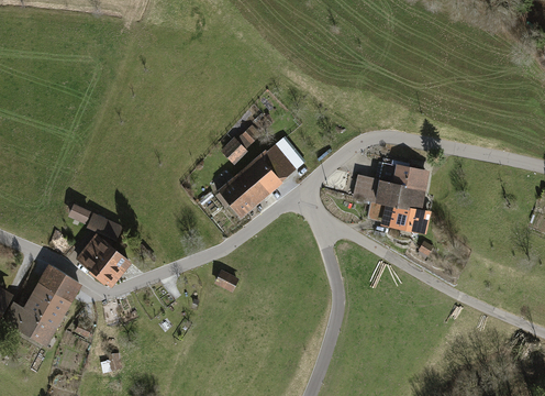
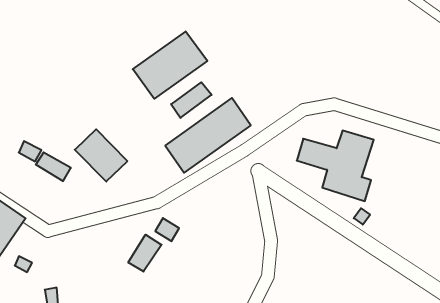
building: none -> [133,31,207,99]
building: [76,232,131,285] -> [75,129,127,182]
building: none -> [128,235,162,272]

